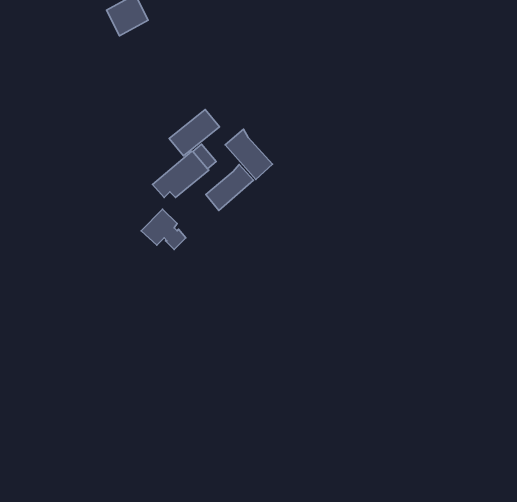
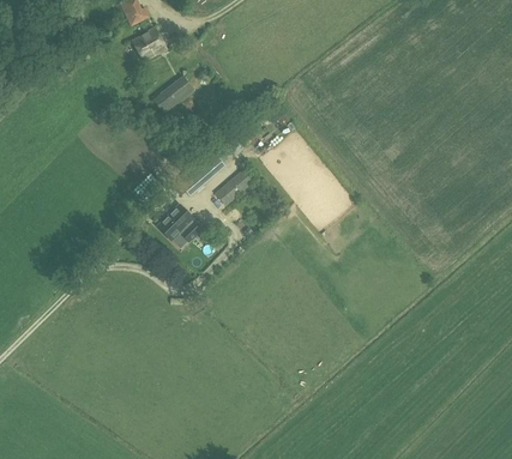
building: [169,110,220,156] -> [153,76,195,114]
building: [225,129,273,180] -> none

